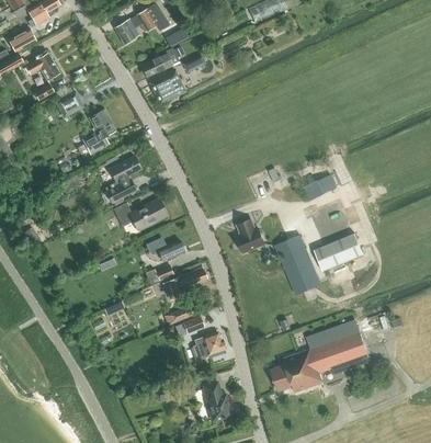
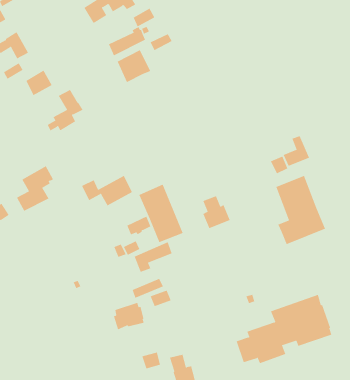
building: [103,155,141,202] -> [16,165,54,212]
building: [275,235,321,295] -> [138,184,184,243]
building: [193,331,225,360] -> [113,302,144,330]

